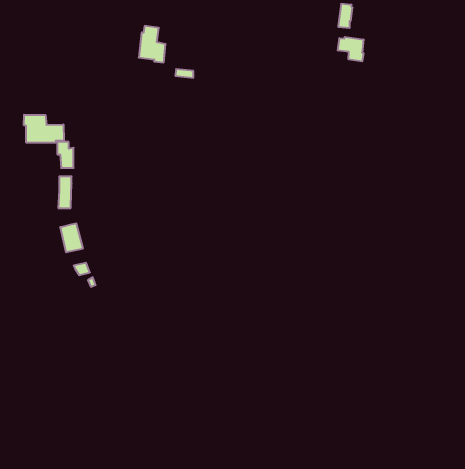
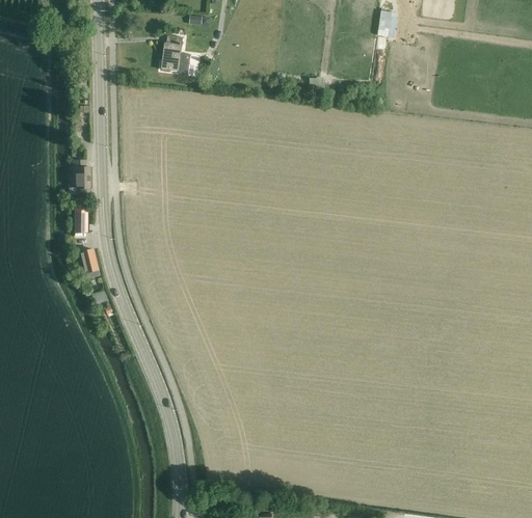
building: [338,37,364,61] -> none
building: [24,115,64,143] -> none

